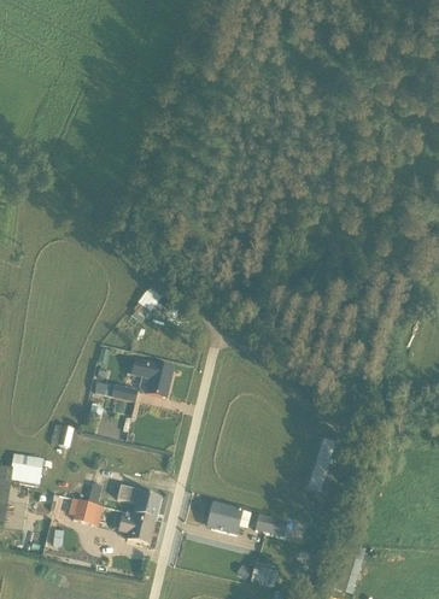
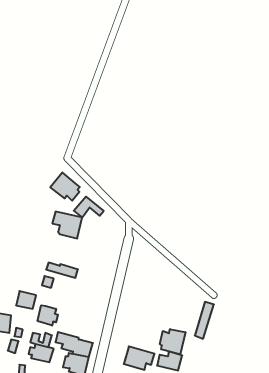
building: none -> [50,172,80,201]
building: [129,358,172,397] -> [52,212,82,238]
building: none -> [38,305,58,326]
building: none -> [160,329,185,354]

